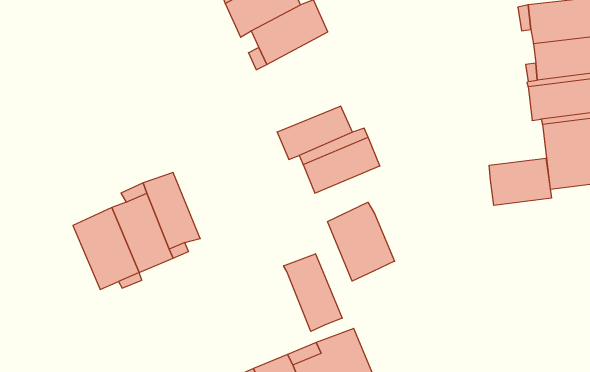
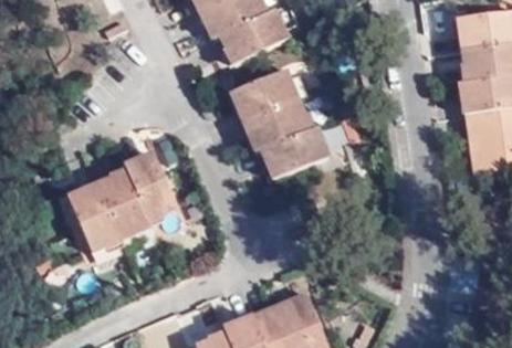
building: none -> [229,65,296,122]
building: [489,158,551,205] -> none
building: [328,202,395,281] -> none
building: [284,254,342,331] -> none

